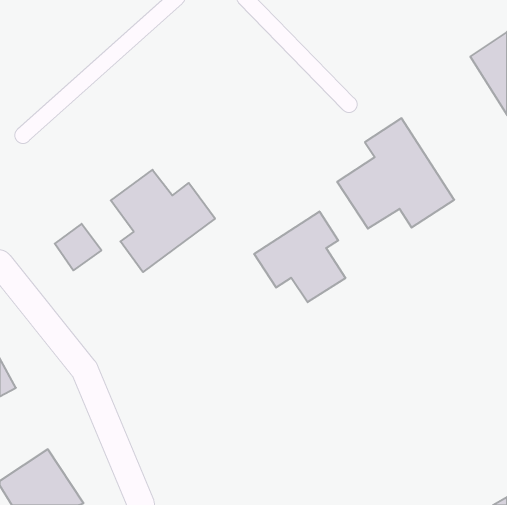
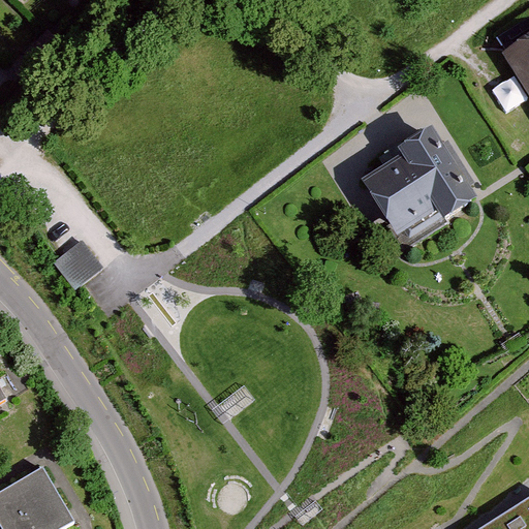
building: [111,170,215,272] -> none
building: [254,211,345,302] -> none

